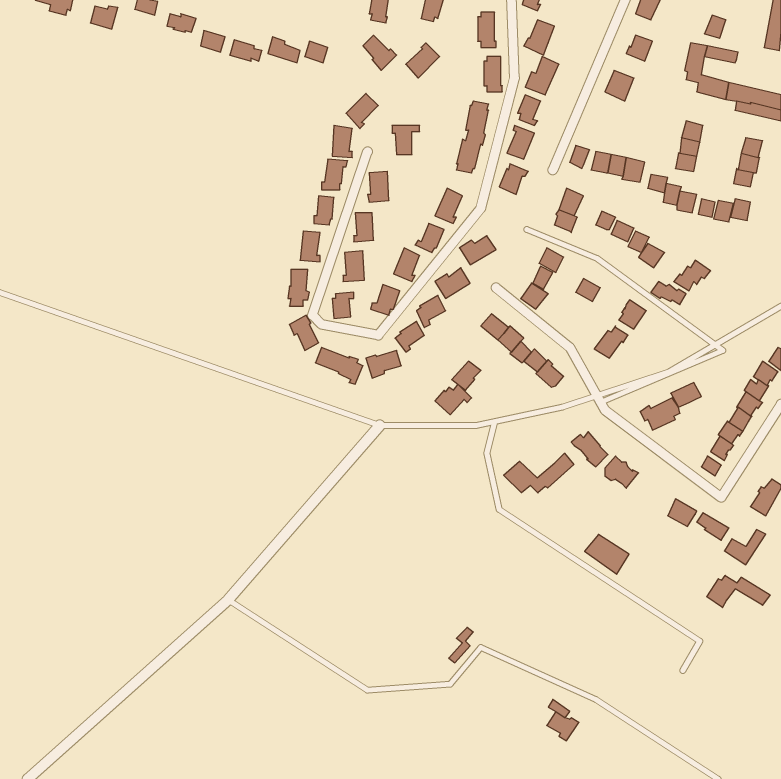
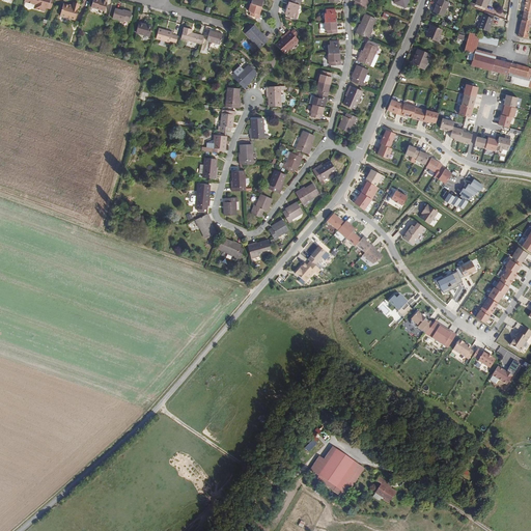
building: [504,453,574,493] -> none
building: [585,534,629,574] -> [424,319,454,346]
building: [707,575,770,608] -> none
building: none -> [315,447,360,492]

